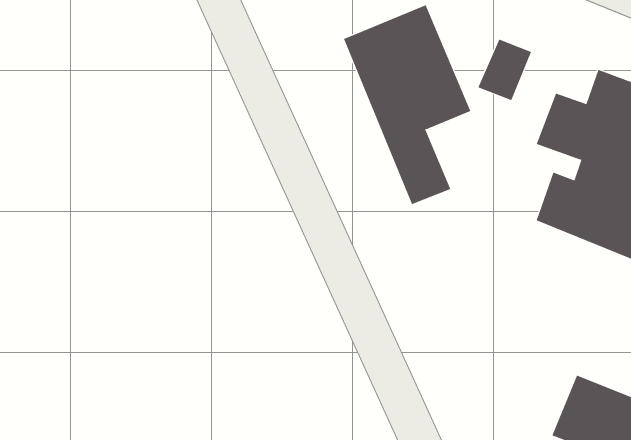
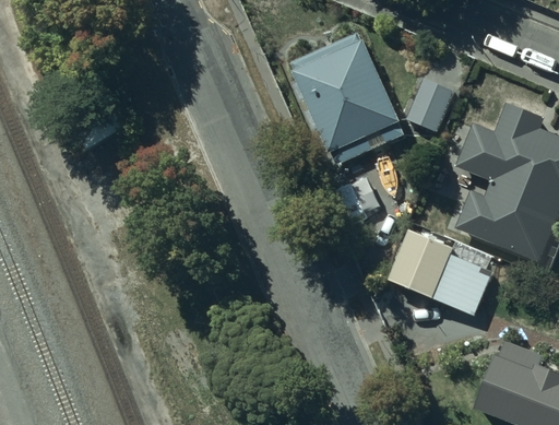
building: none -> [390,228,503,323]

